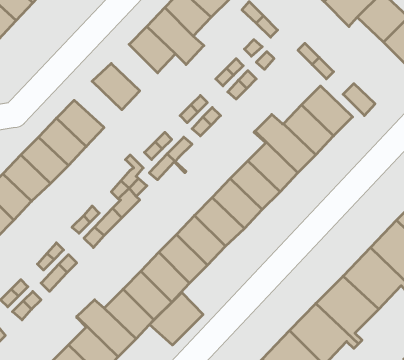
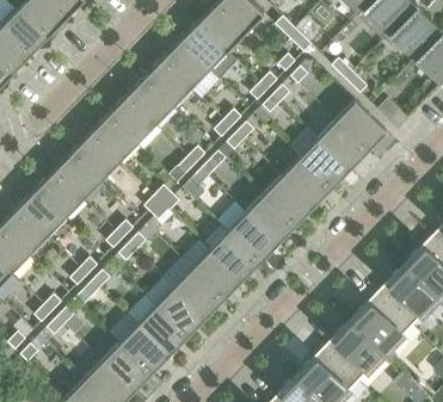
building: none -> [143,60,190,106]
building: none -> [106,97,154,143]
building: [150,293,203,345] -> none

